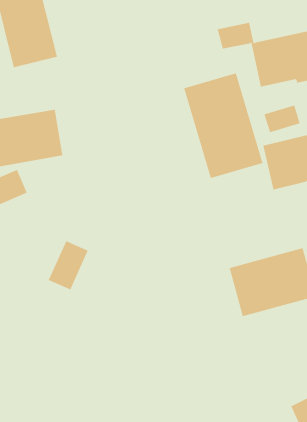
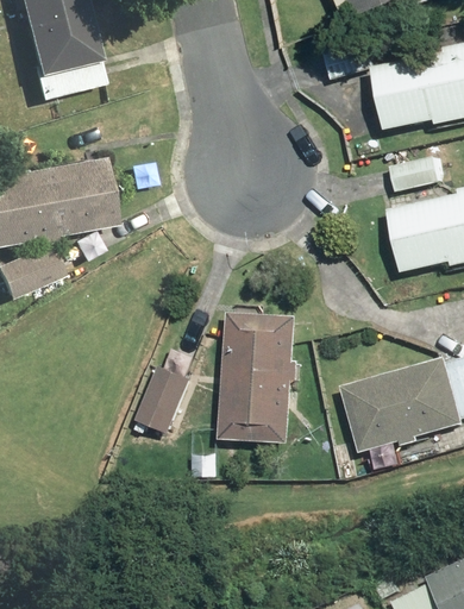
building: [184,72,263,179] -> none
building: none -> [219,312,302,444]
building: [48,241,89,290] -> [134,365,192,435]

